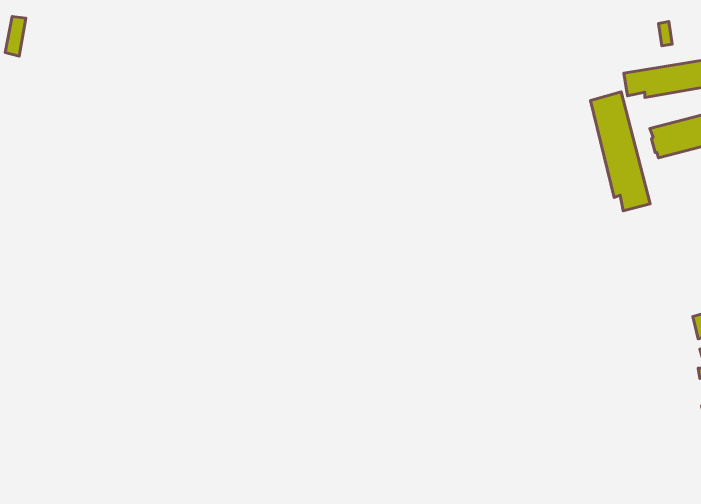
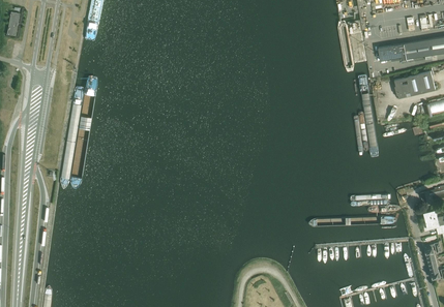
building: [591,92,650,211] -> none

